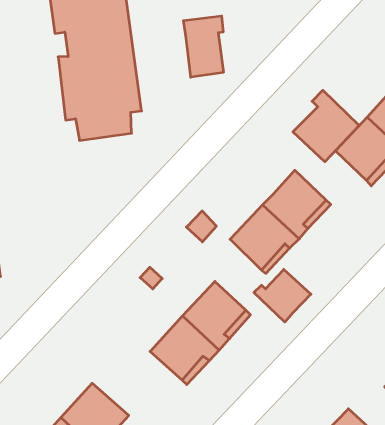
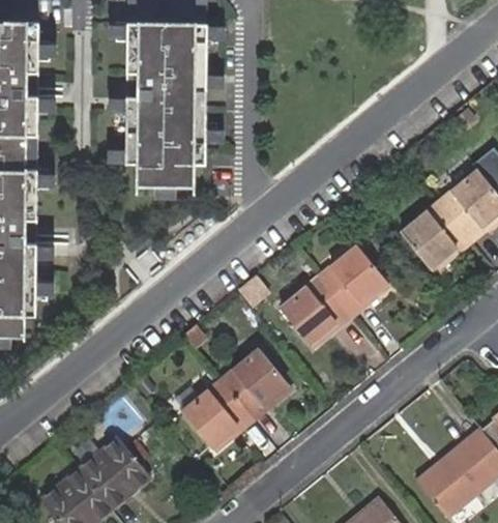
building: [183,16,223,77] -> none
building: [293,90,359,162] -> none
building: [254,269,311,322] -> none

